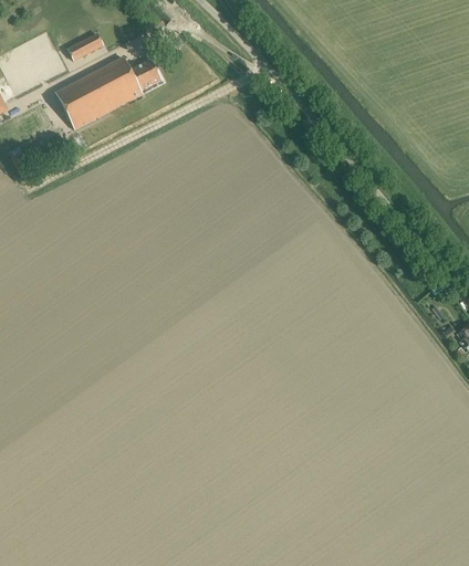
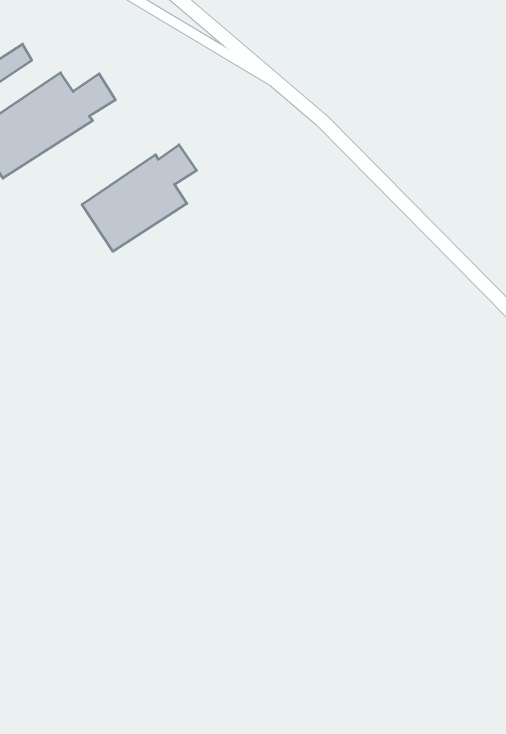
building: none -> [82,145,197,251]

